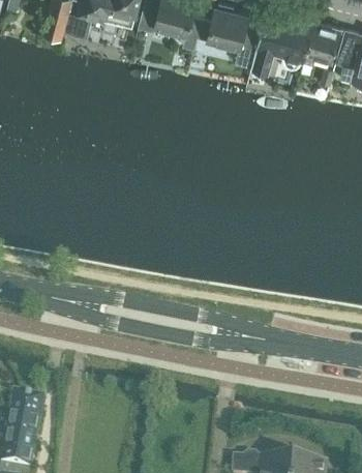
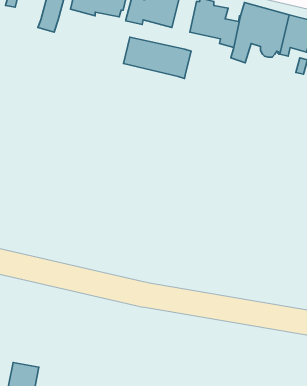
building: none -> [123,37,191,78]

